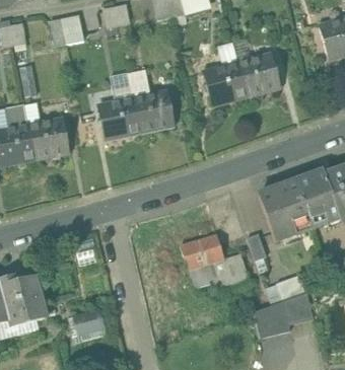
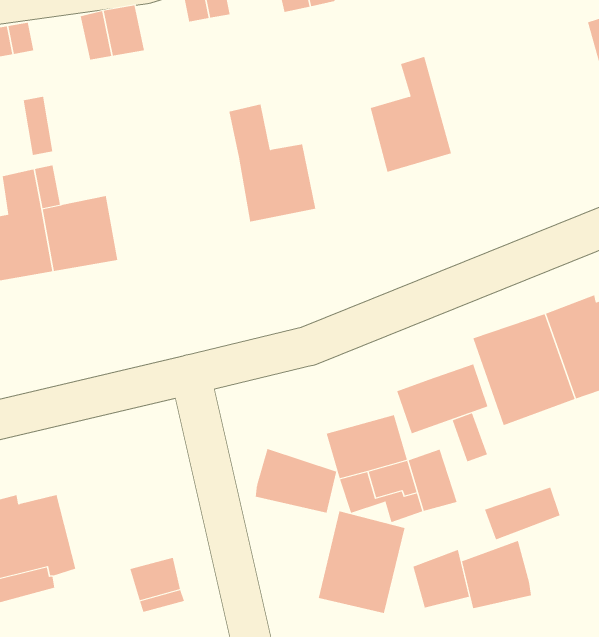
building: [232,41,280,95] -> none
building: [98,97,139,139] -> none
building: none -> [397,364,488,434]
building: none -> [255,448,337,514]
building: none -> [318,511,405,614]
building: [282,292,313,323] -> [413,549,470,608]

